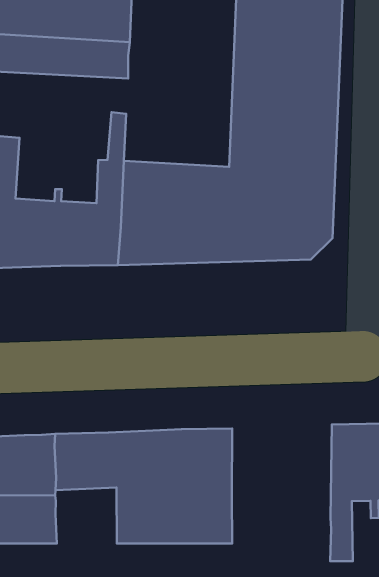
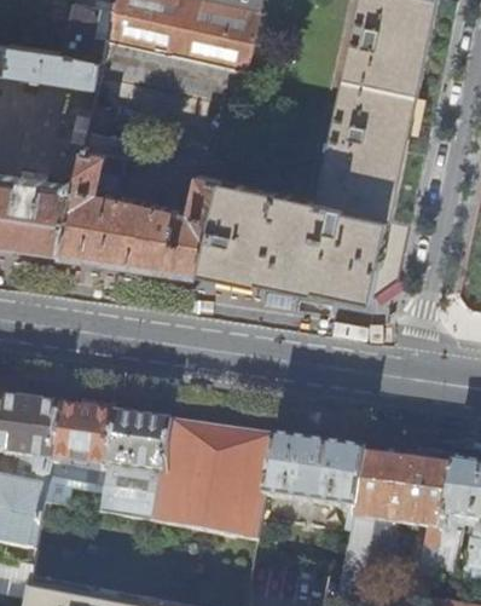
building: none -> [262,437,364,533]
building: none -> [97,464,160,523]

